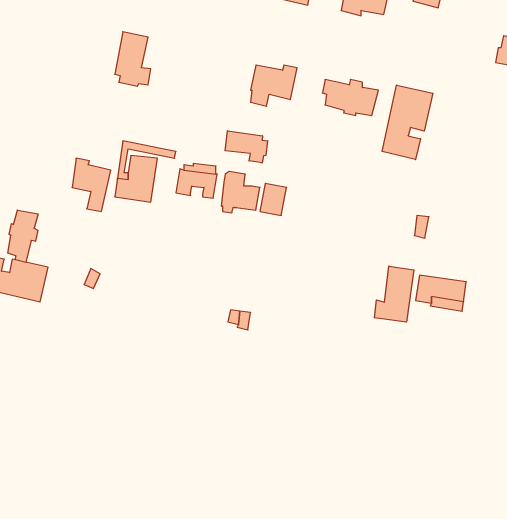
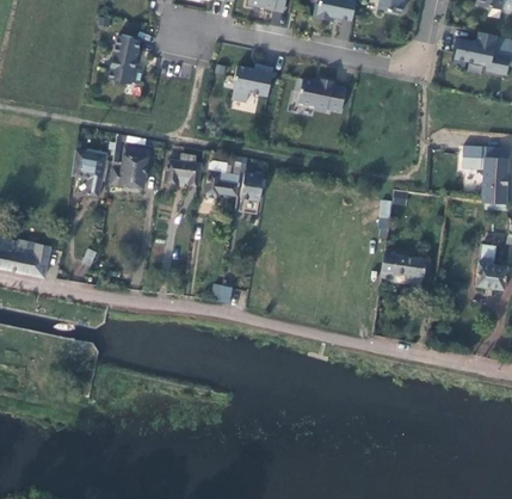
building: [382,85,433,160] -> none
building: [225,131,268,163] -> none
building: [8,210,38,262] -> none
building: [375,266,414,322] -> none

